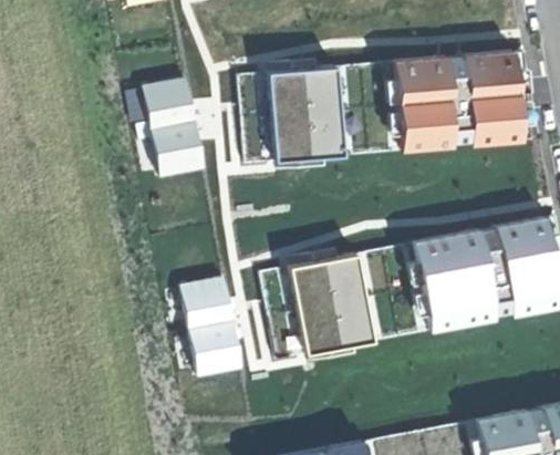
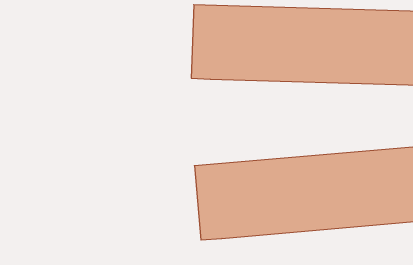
building: [143,75,205,176] -> none
building: [184,275,245,376] -> none

